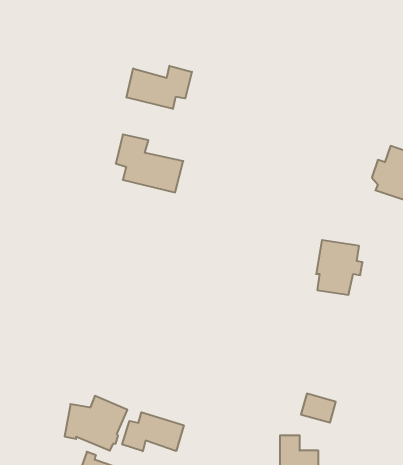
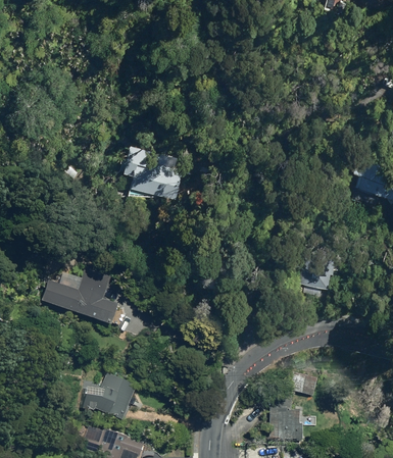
building: [127,66,192,109] -> none
building: none -> [38,273,112,329]
building: [122,412,184,451] -> none

